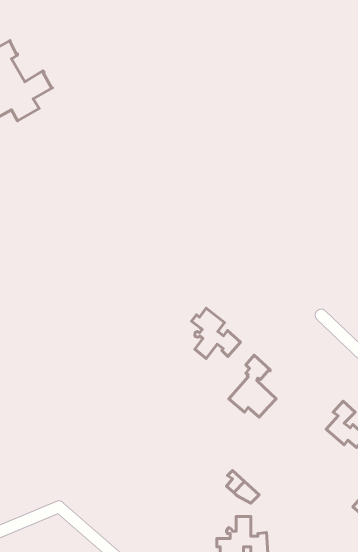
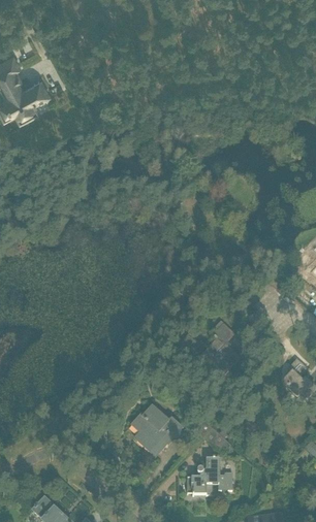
building: [192,308,241,358] -> none
building: none -> [131,406,184,451]

